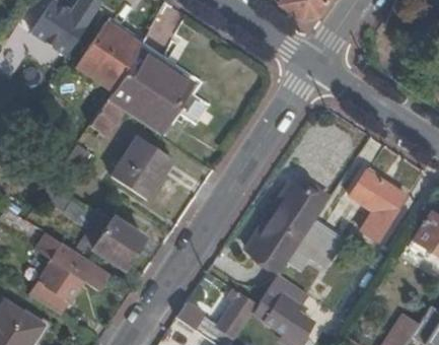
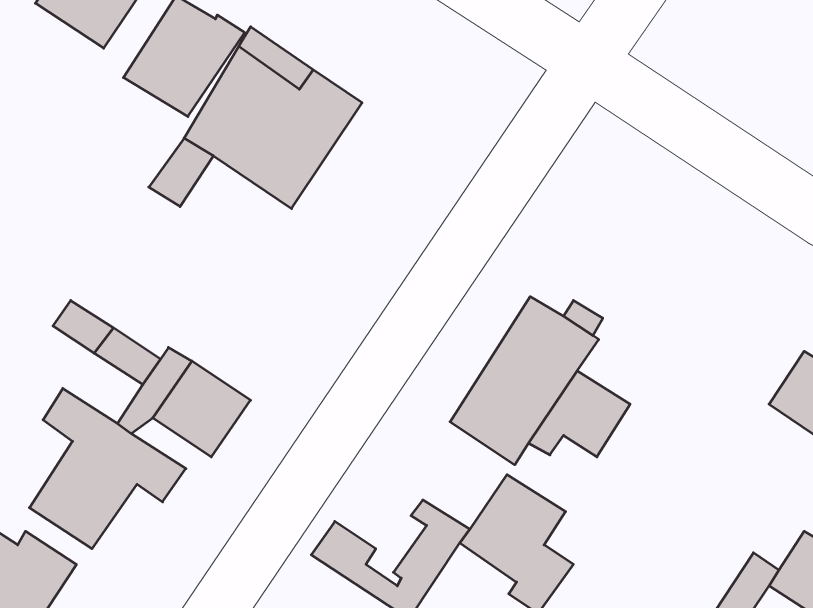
building: [112,137,172,199] -> none
building: [350,169,405,239] -> none

